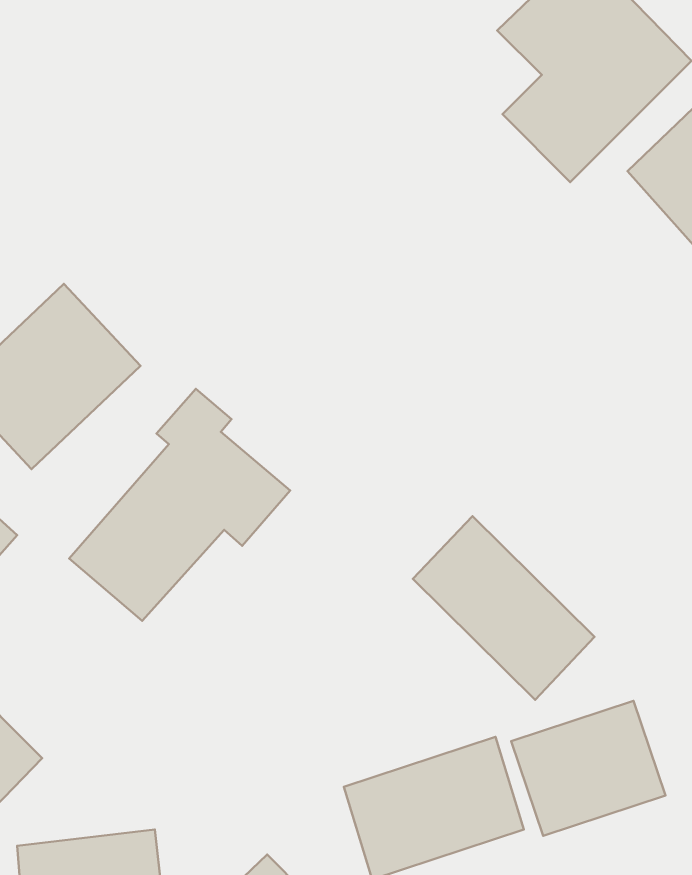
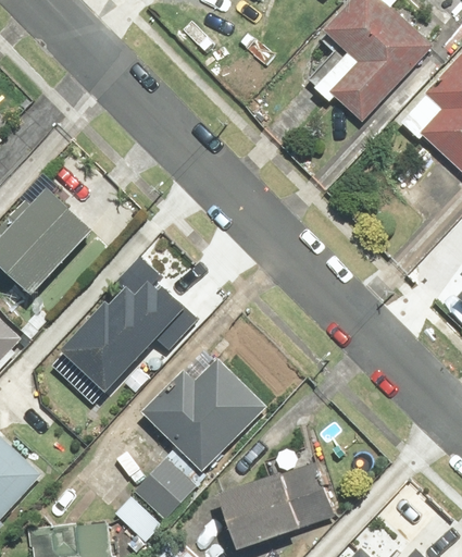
building: [413,516,595,700] -> none
building: none -> [113,358,266,535]
building: [511,701,666,836] -> none

